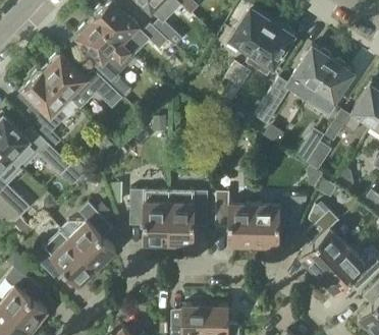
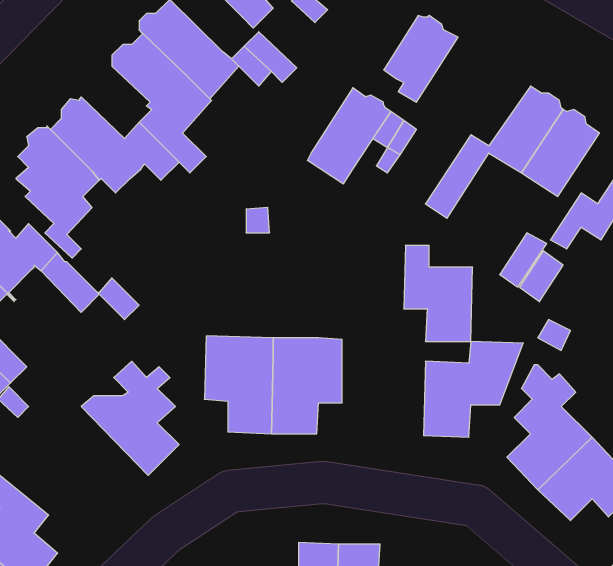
building: [247,21,293,75] -> [307,88,391,184]
building: [215,191,254,245] -> [404,245,473,341]
building: [33,229,98,286] -> none

